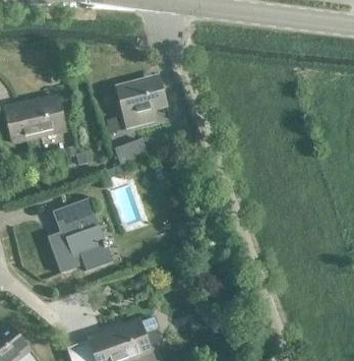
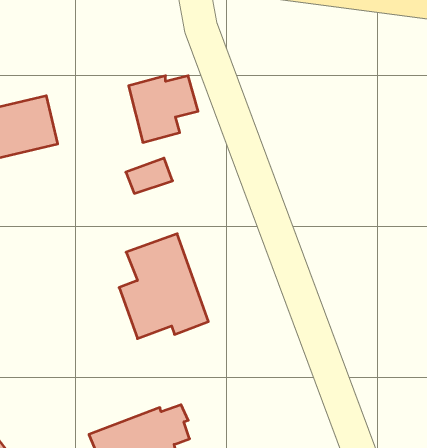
building: [47,197,111,273] -> [119,234,208,339]

